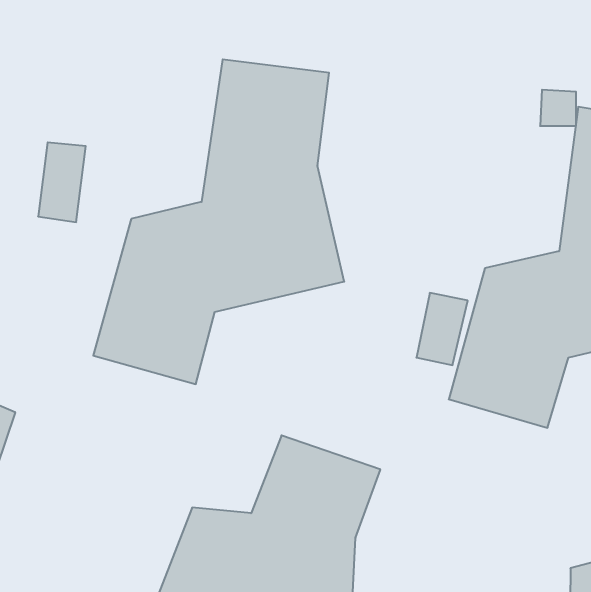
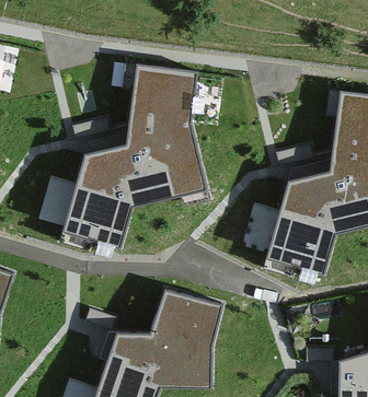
building: [38,142,86,222] -> [43,172,70,218]

